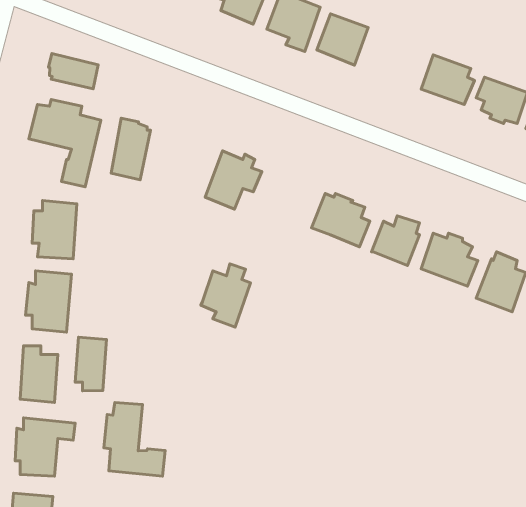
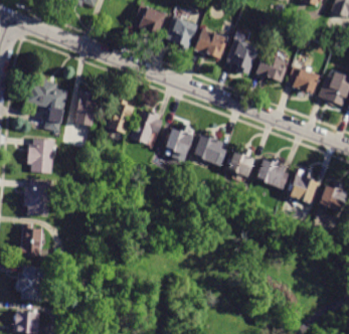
building: none -> [226,31,258,74]
building: [49,53,98,89] -> none
building: none -> [107,99,135,134]
building: [201,264,251,327] -> [165,124,194,161]
building: [75,337,106,391] -> none
building: [104,403,165,476] -> none

